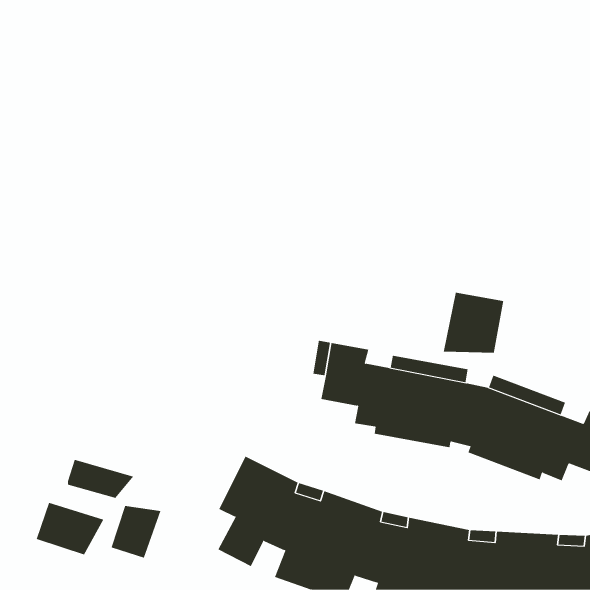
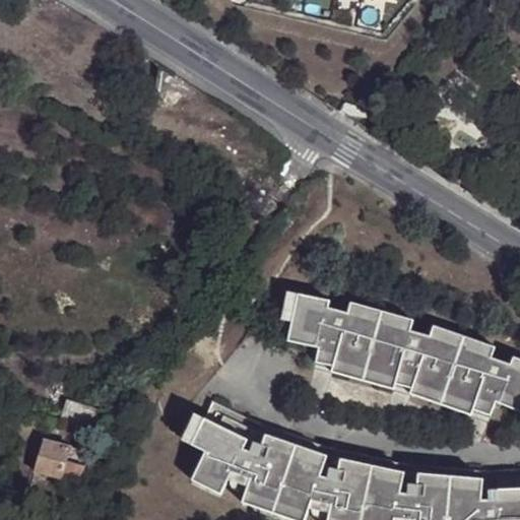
building: [443,292,504,354] -> none
building: [111,505,161,559] -> none

